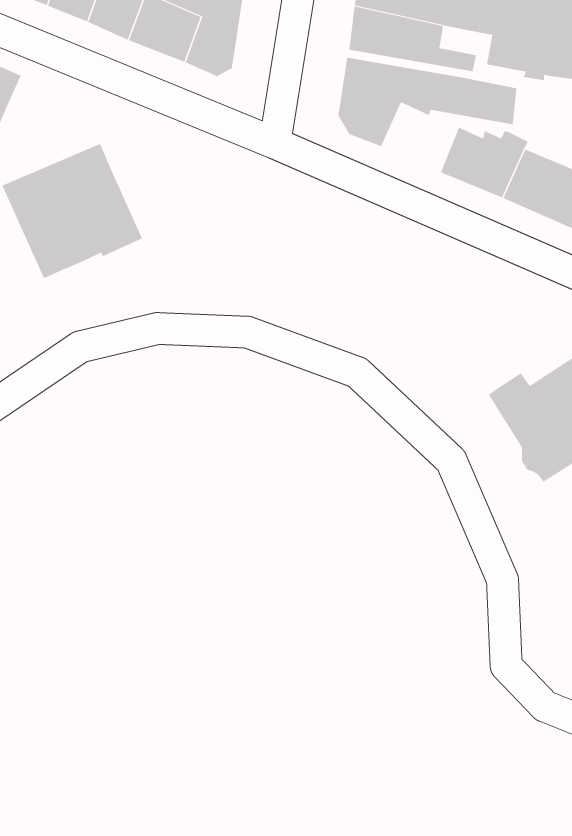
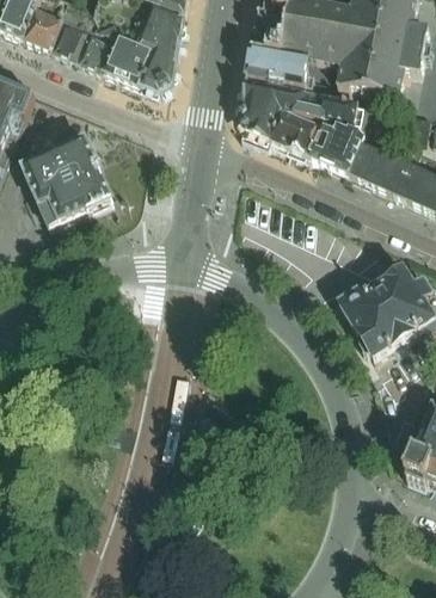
building: none -> [268,109,351,154]

